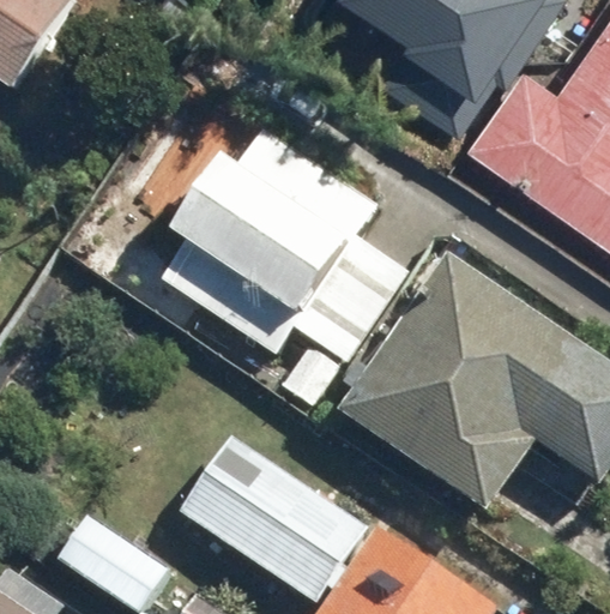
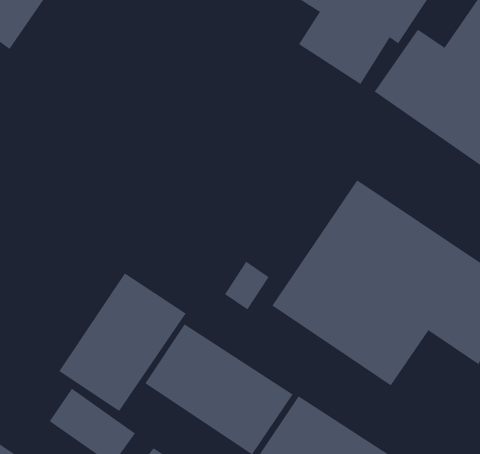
building: [164,130,383,357] -> none
building: none -> [59,272,186,412]

